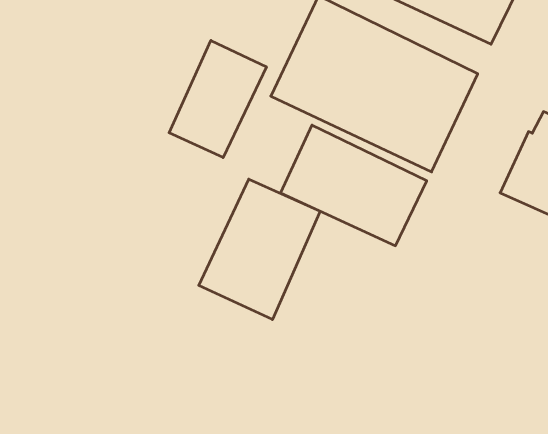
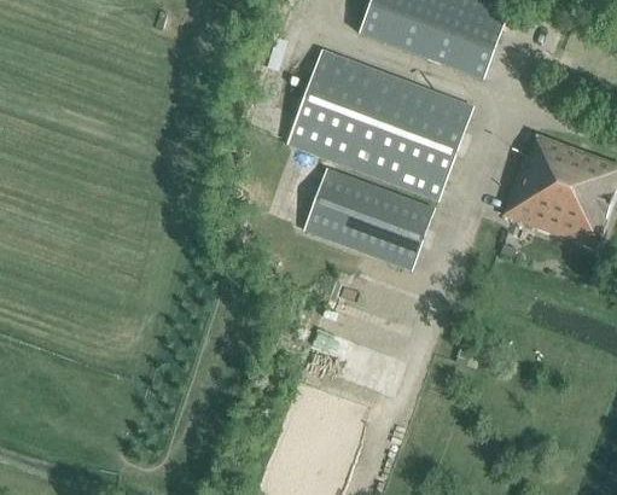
building: [169,40,266,158] -> none
building: [199,179,320,320] -> none

